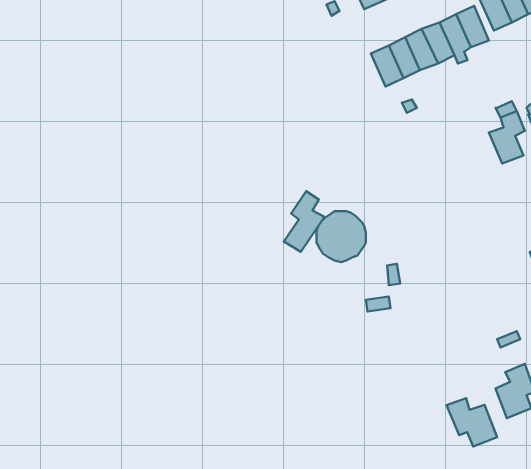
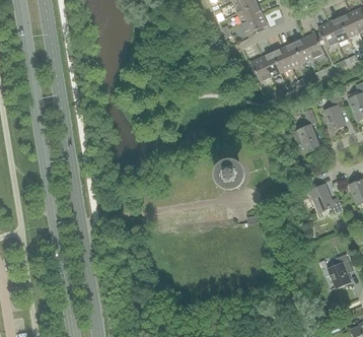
building: none -> [297,110,318,150]
building: [284,191,324,252] -> none
building: none -> [309,184,343,214]
building: [447,398,497,446] -> none

